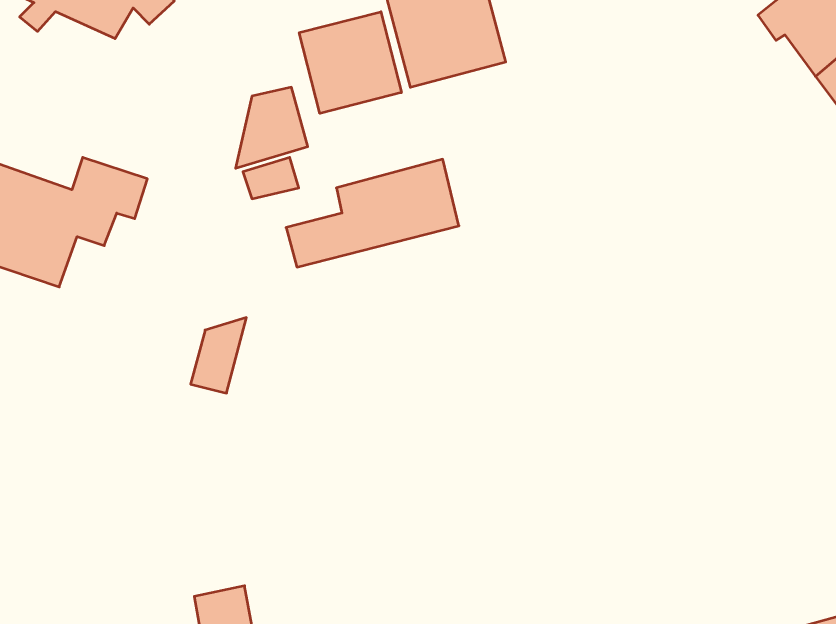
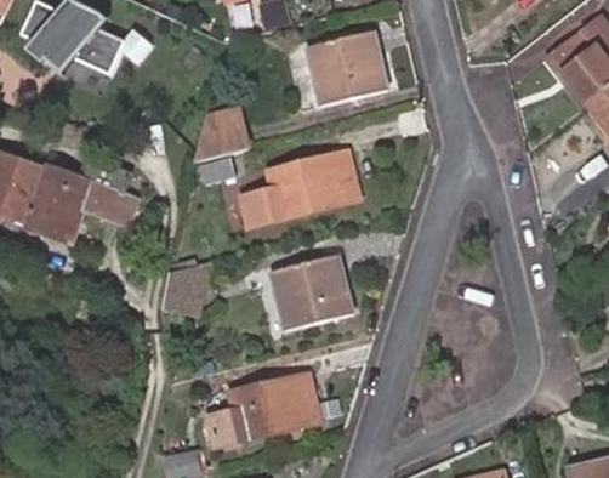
building: [299,12,401,113] -> none
building: none -> [264,257,347,329]
building: none -> [212,379,317,448]

